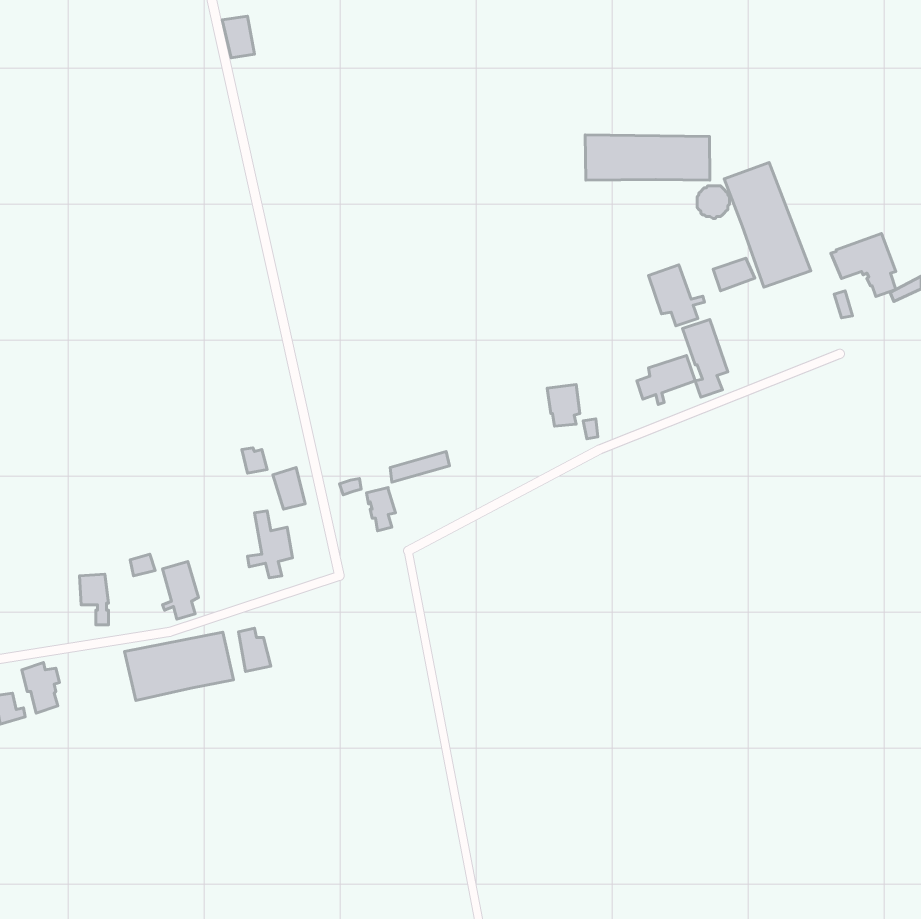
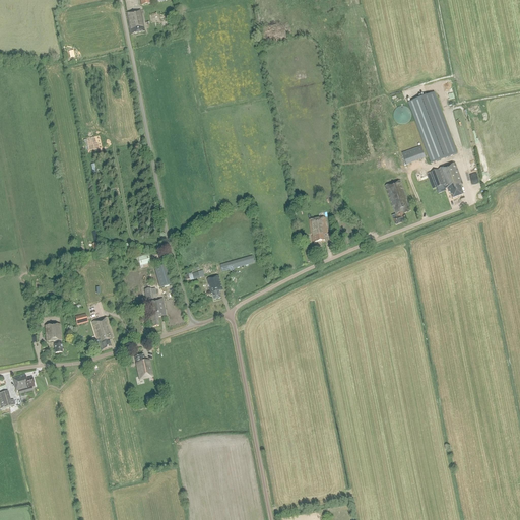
building: [585,135,710,180] -> none
building: [831,233,896,297] -> [426,161,462,197]
building: [649,265,705,326] -> none
building: [637,355,695,404] -> none
building: [125,632,233,701] -> none

